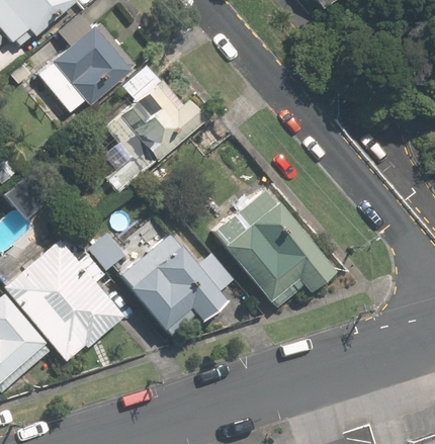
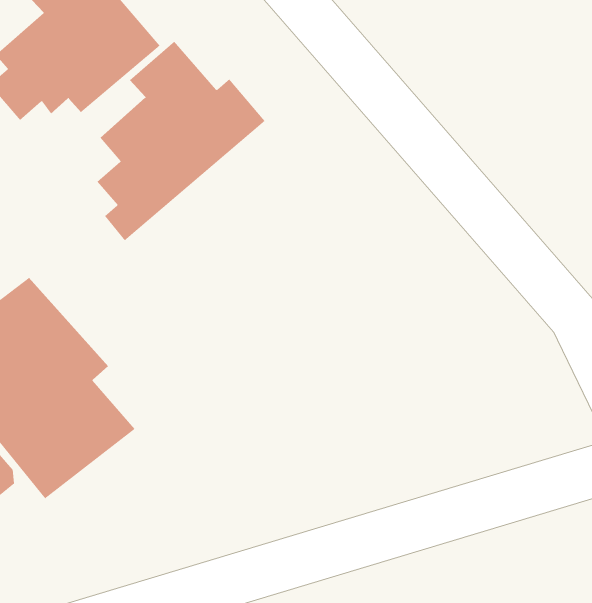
building: [213,190,337,300] -> none
building: [119,233,235,330] -> none

